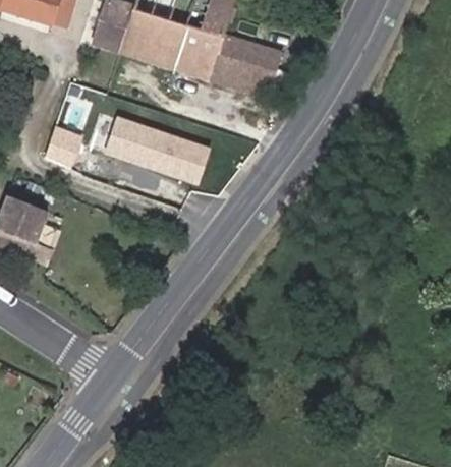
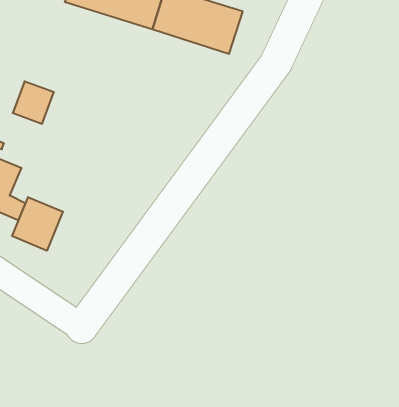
building: [105,117,211,184] -> none
building: none -> [12,197,63,251]

